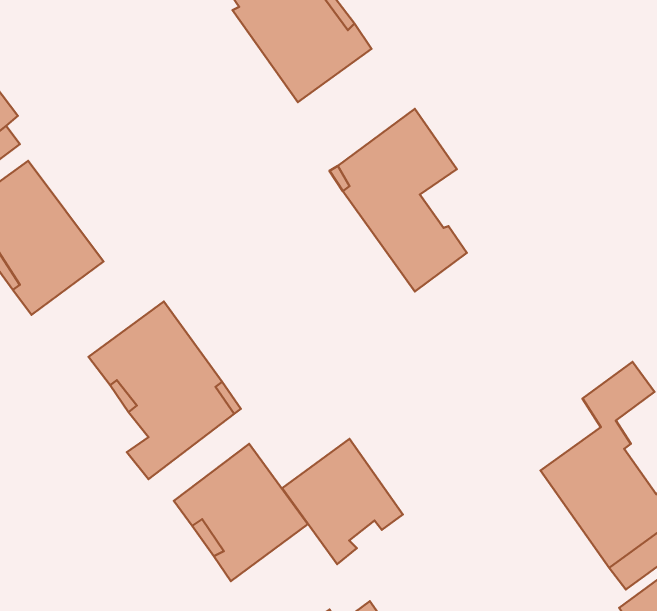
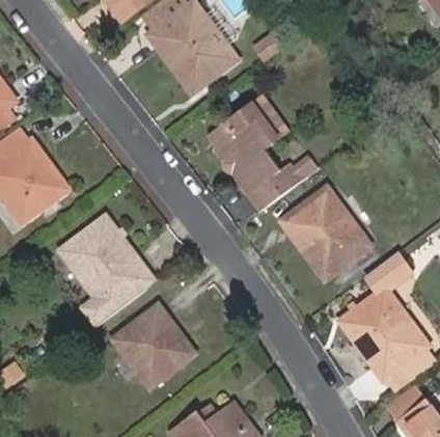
building: none -> [280,187,368,278]
building: [282,439,403,564] -> none

